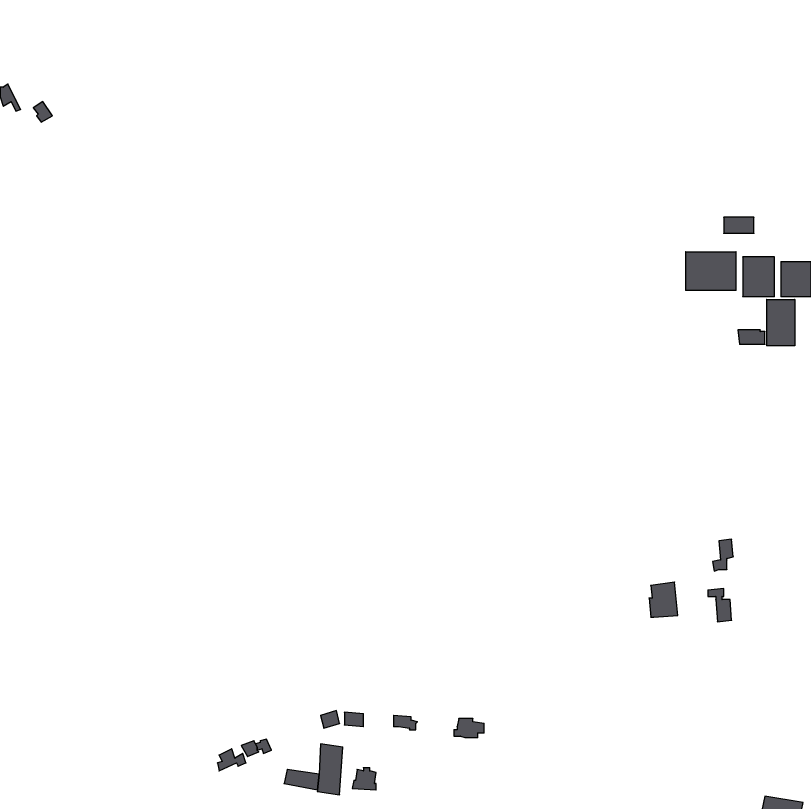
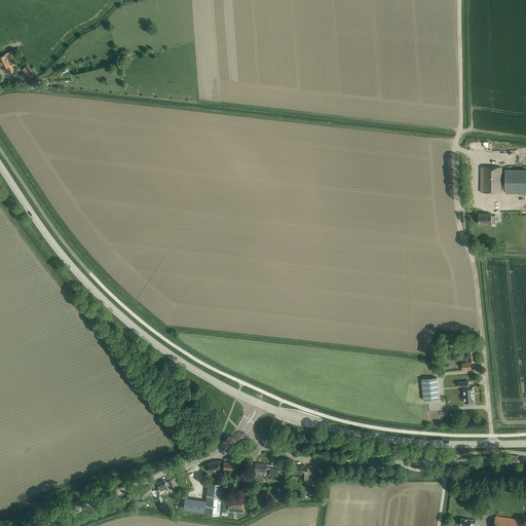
building: [686,252,736,290] -> none
building: [767,299,795,346] -> none

